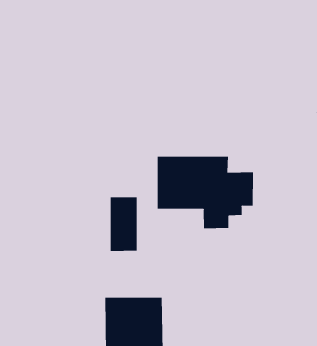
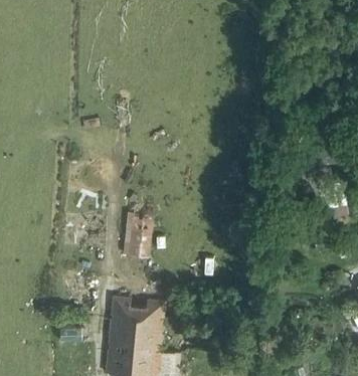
building: [157,156,253,229] -> none

